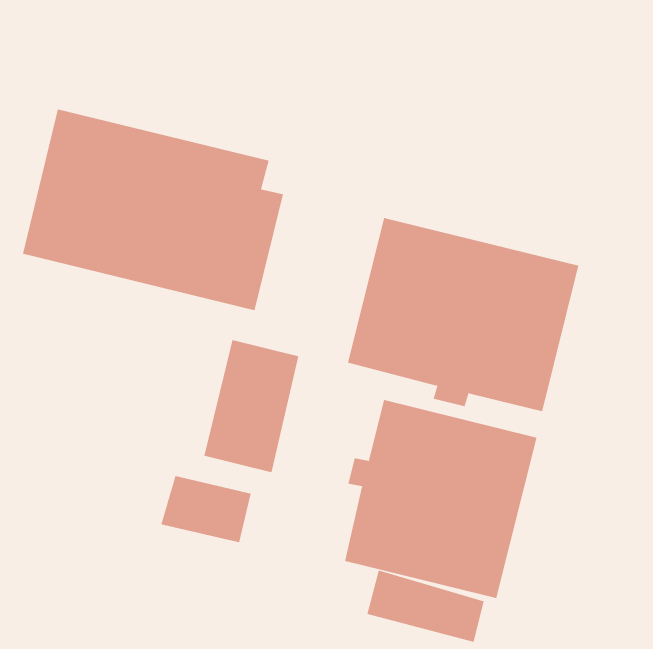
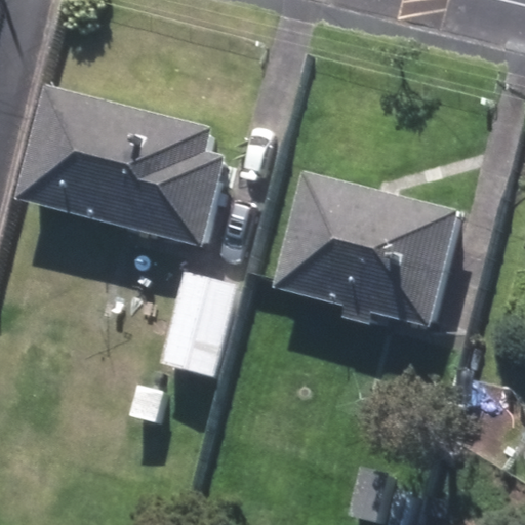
building: [344,399,537,599] -> none

